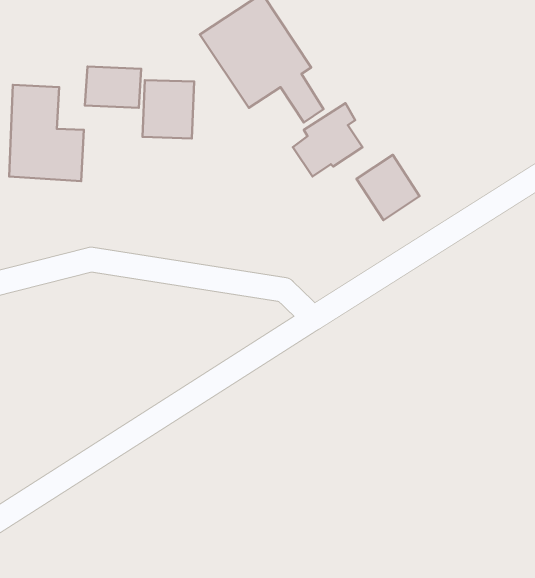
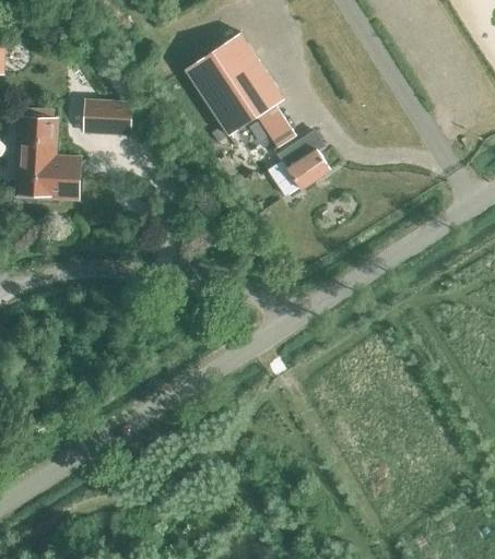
building: [142,80,194,138] -> none
building: [357,155,420,220] -> none

